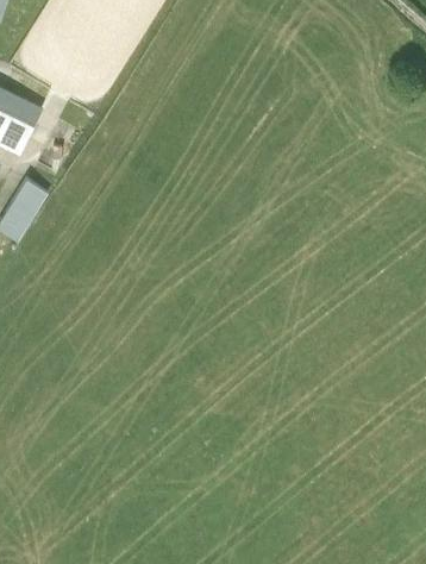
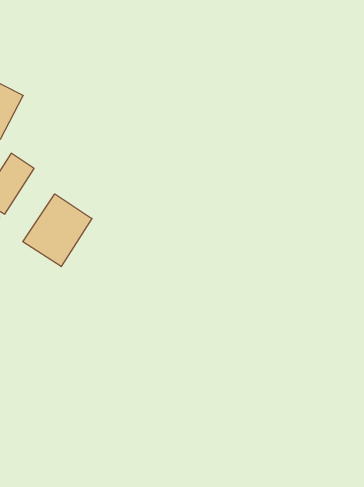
building: none -> [23,194,92,267]

